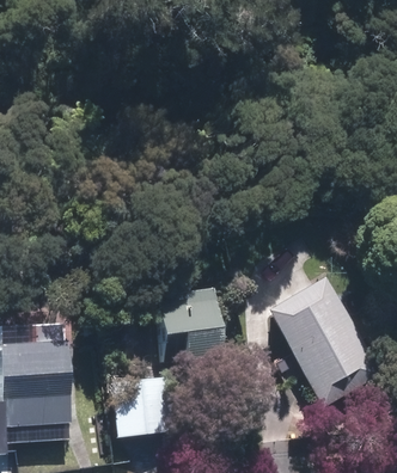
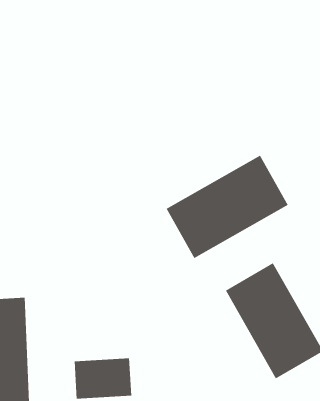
building: none -> [166,155,288,259]
building: [158,299,220,362] -> none

